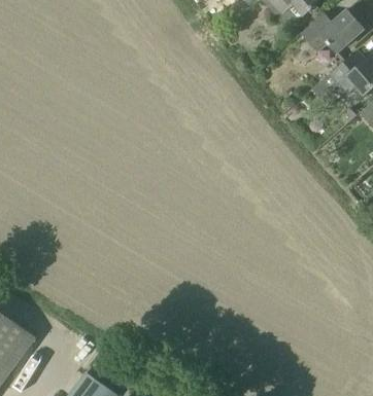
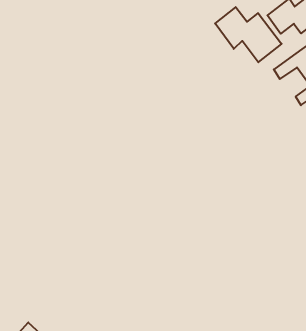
building: none -> [215,7,282,62]

